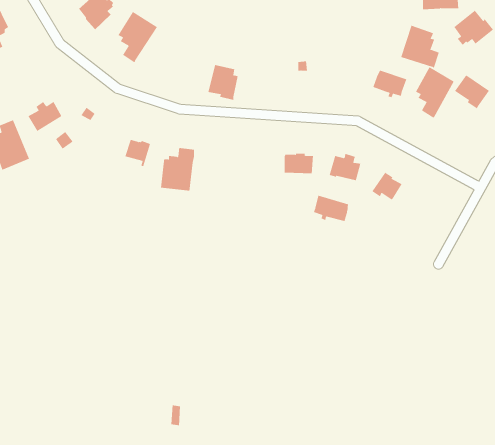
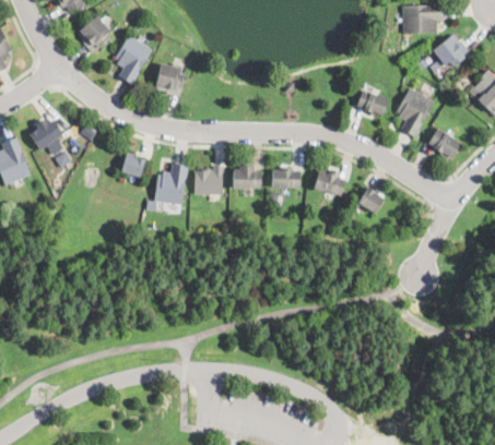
building: [400,25,440,68] -> none
building: [207,65,239,100] -> [155,63,185,97]
building: [454,75,490,109] -> [428,128,462,160]
building: none -> [195,166,224,195]
building: none -> [234,166,262,190]
building: [313,195,349,222] -> none

